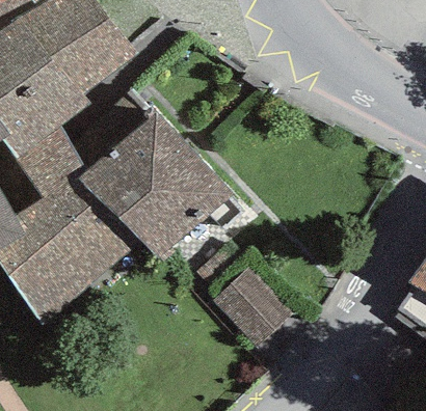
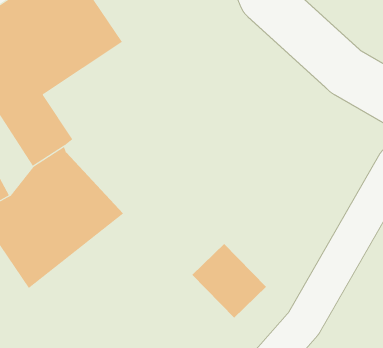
building: [80,108,233,261] -> none

